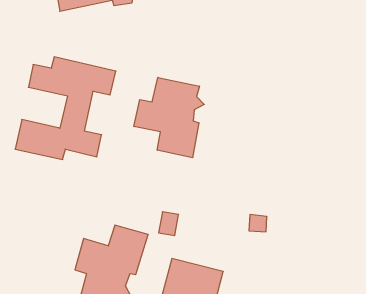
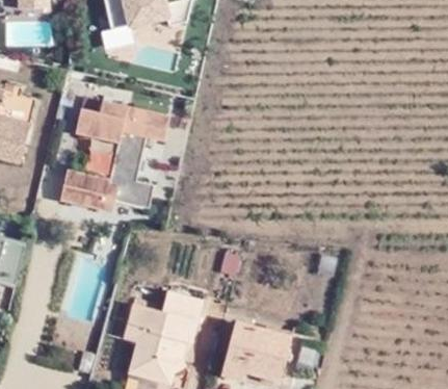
building: [134,77,204,158] -> none

